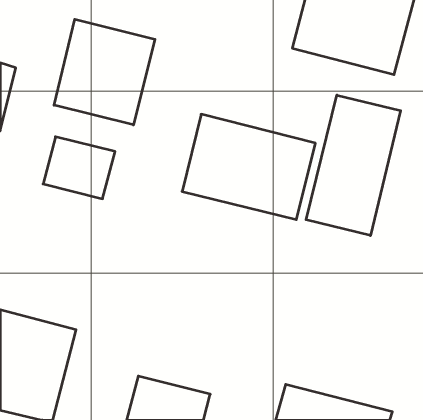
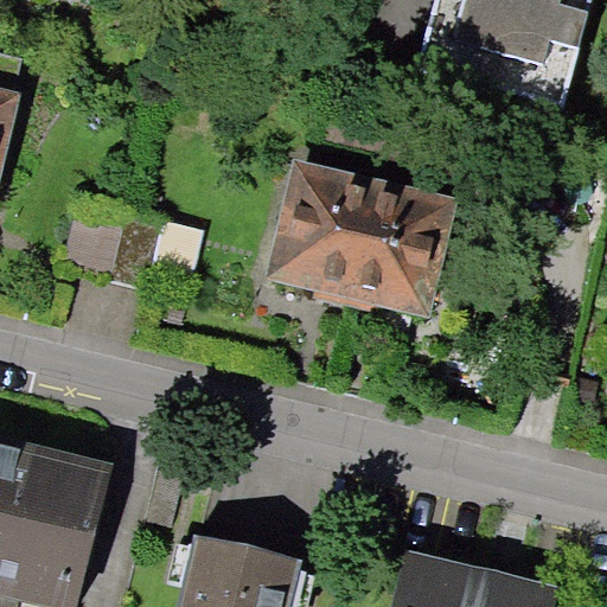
building: [54,19,155,125] -> none
building: [306,95,401,236] -> none

